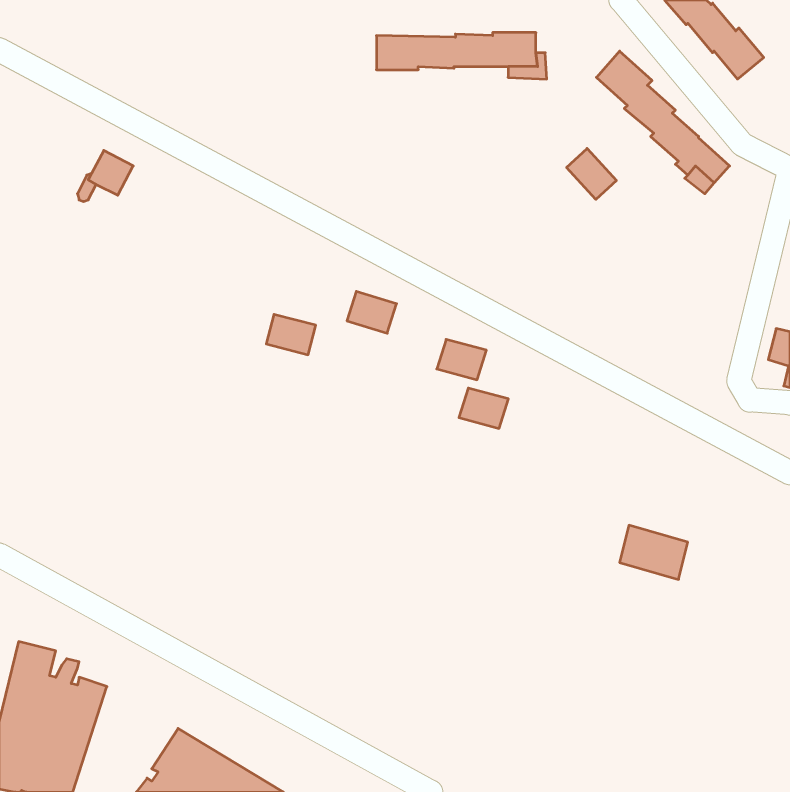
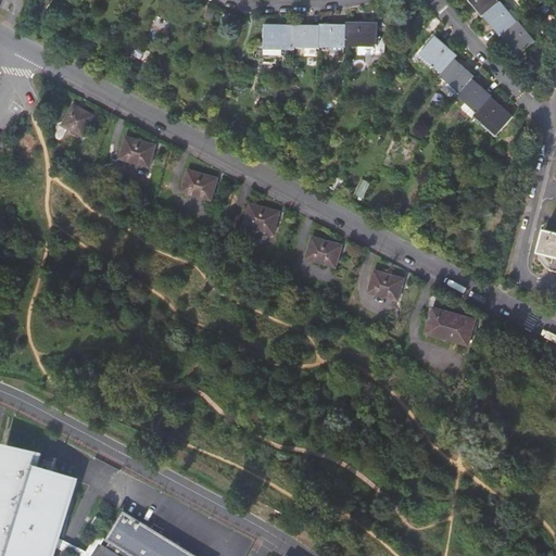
building: [567,148,616,199] -> none
building: none -> [119,138,154,167]
building: [266,314,316,355] -> [181,172,216,200]
building: [459,388,508,428] -> [368,271,403,300]
building: [620,525,688,579] -> [425,307,472,345]

